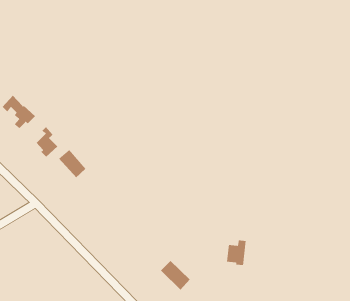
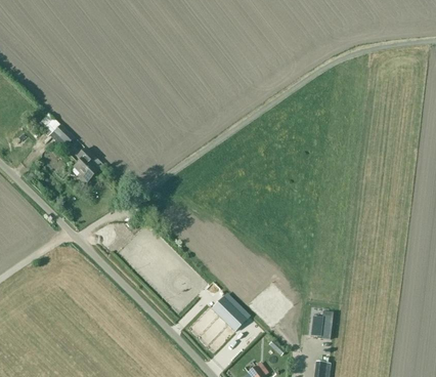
building: [58,149,86,178] -> none
building: [226,240,246,266] -> [310,309,333,338]

